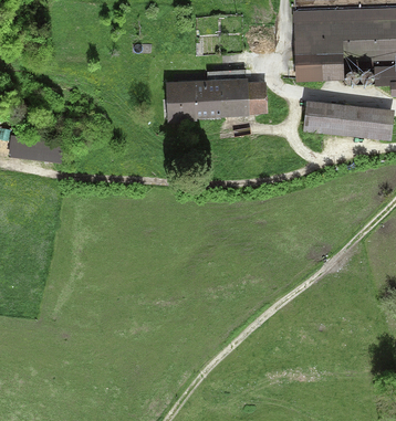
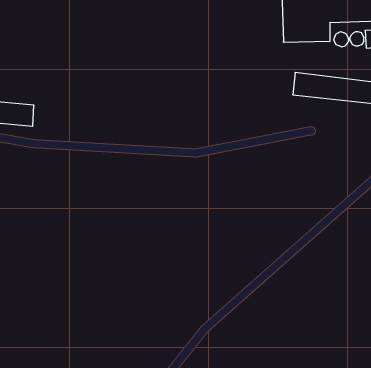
building: [169,82,263,115] -> none

